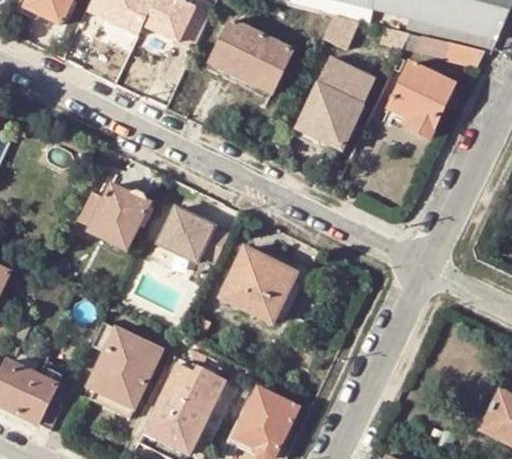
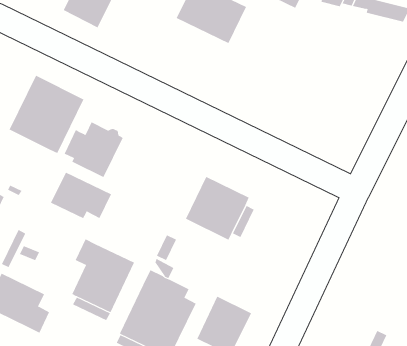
building: [296,56,376,149] -> none
building: [387,60,454,137] -> none
building: none -> [9,75,84,154]
building: [158,206,230,261] -> [50,172,112,219]

